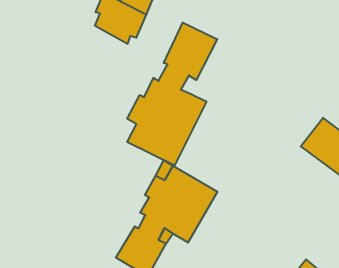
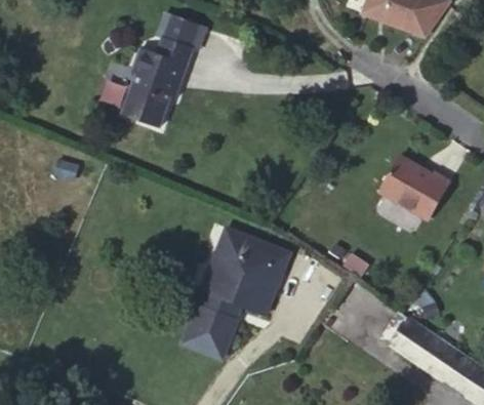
building: [127,23,217,166] -> none
building: none -> [120,83,167,122]

